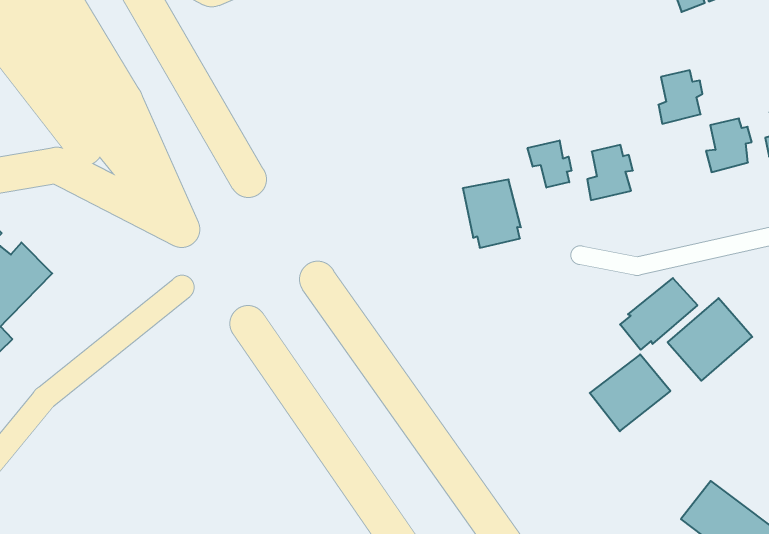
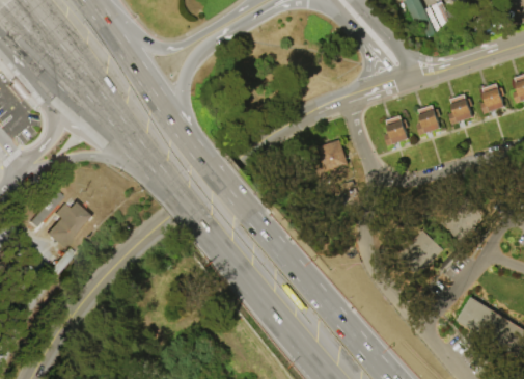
building: [658,70,702,124] -> [416,104,440,135]
building: [528,140,571,188] -> none
building: [620,278,697,350] -> none

